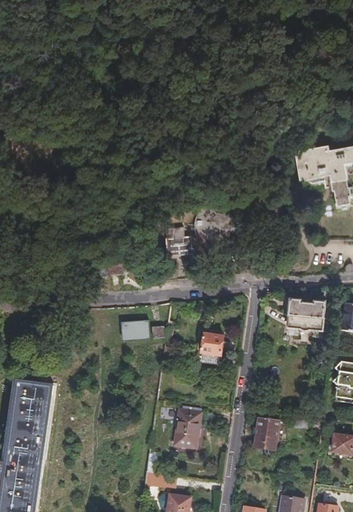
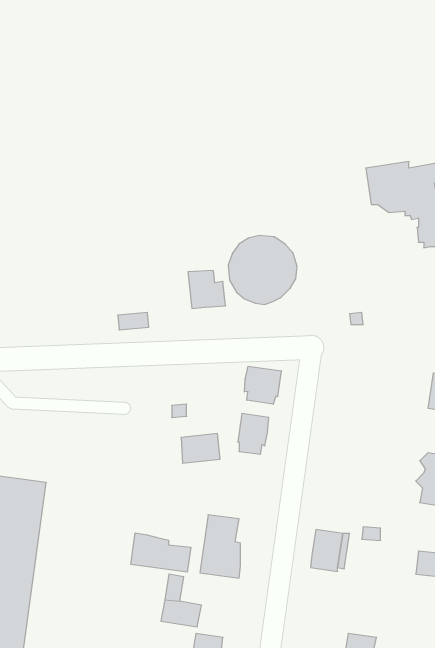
building: none -> [244,366,281,404]
building: [286,302,324,334] -> none
building: [119,320,148,342] -> [181,433,220,463]
building: none -> [131,533,191,572]

